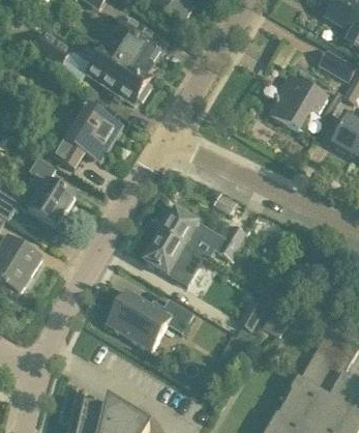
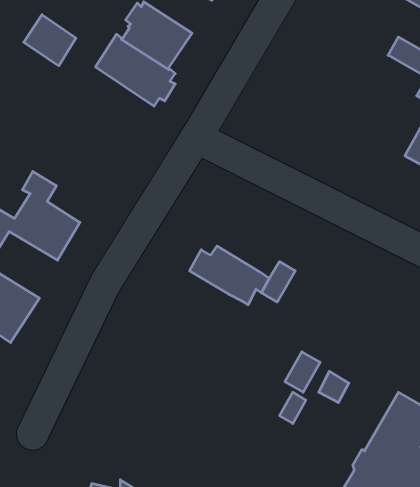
building: [269,74,328,128] -> none
building: [53,102,121,167] -> none
building: [145,233,203,285] -> none
building: [107,289,193,350] -> none

